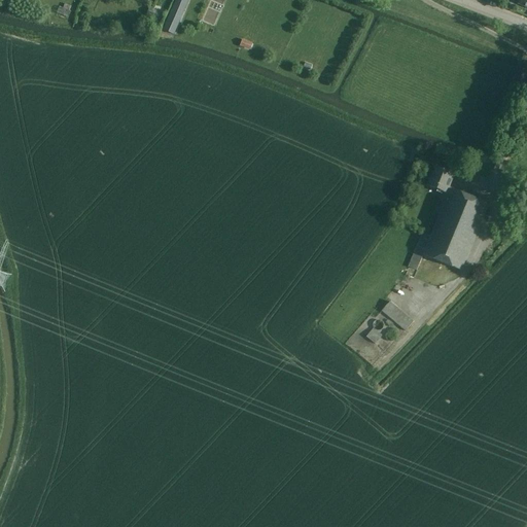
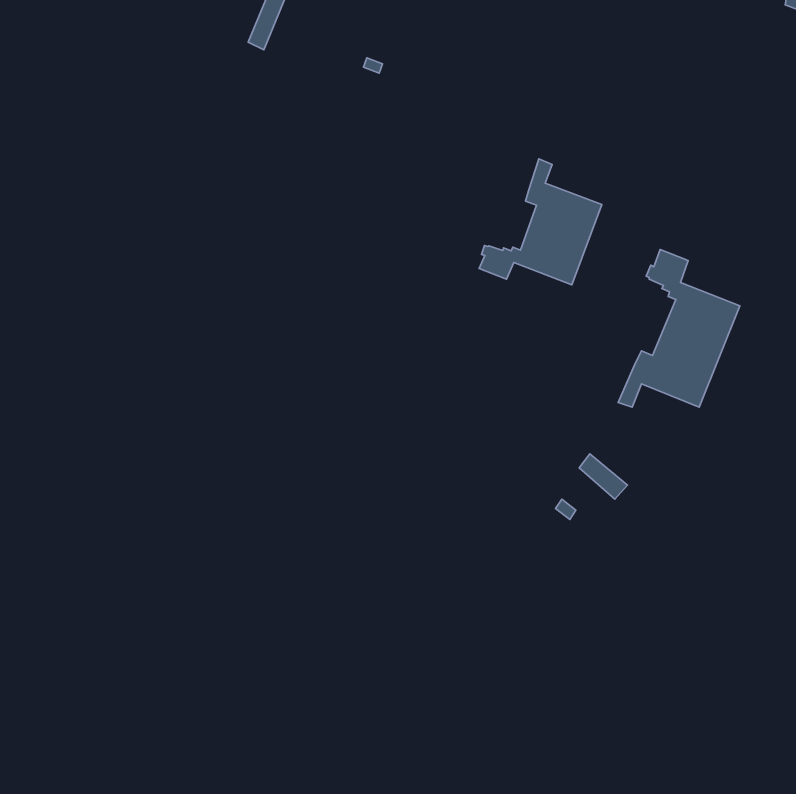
building: none -> [479,159,602,285]

